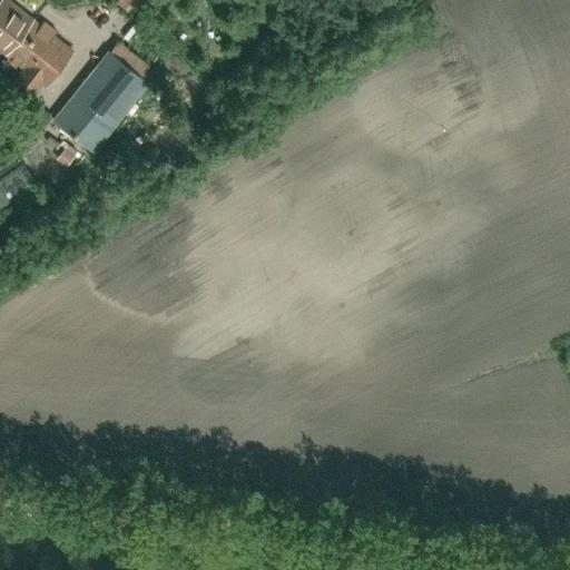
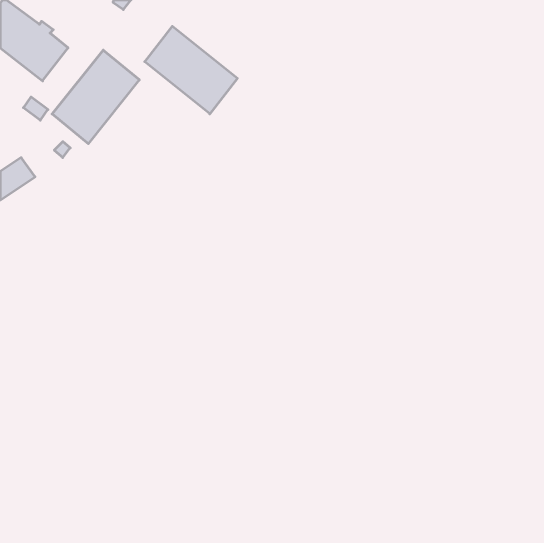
building: none -> [145,26,237,114]

